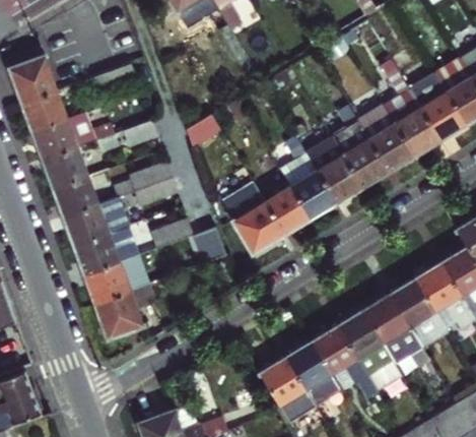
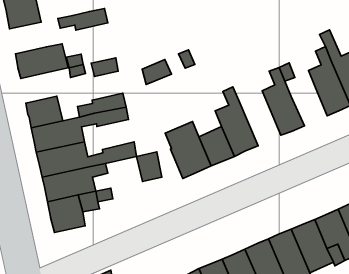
building: [21,89,68,131] -> none
building: [367,121,413,170] -> none
building: [296,129,361,201] -> none
building: [43,146,88,188] -> none

